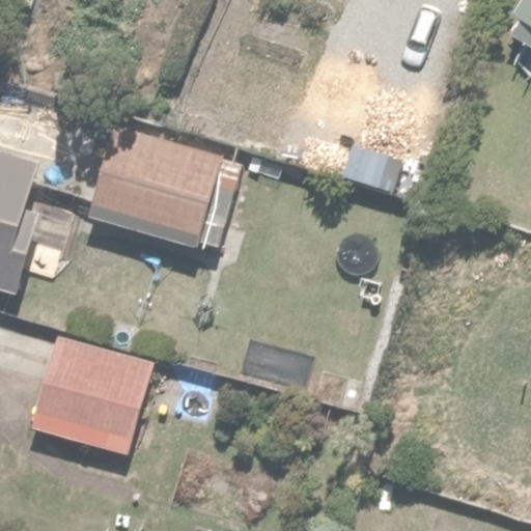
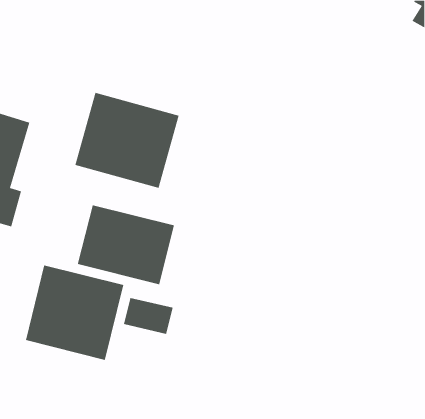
building: none -> [77,204,175,285]

